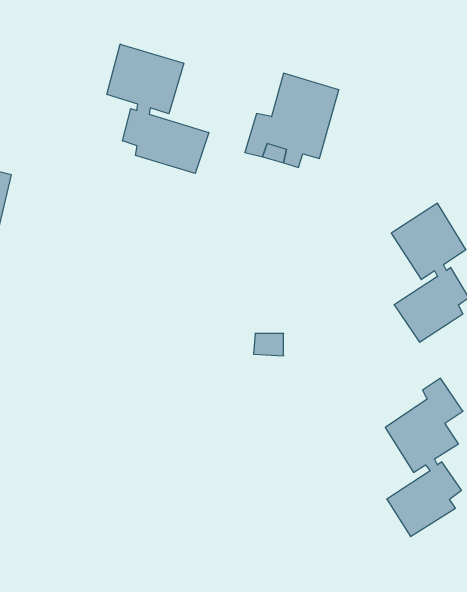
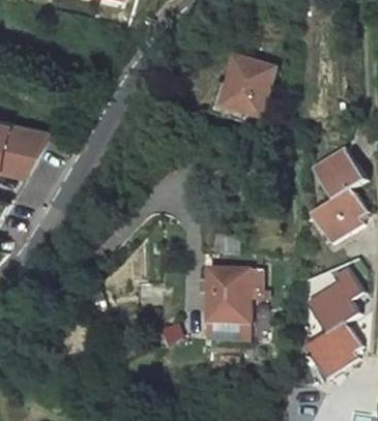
building: [107,44,209,173] -> none
building: none -> [207,269,260,340]

